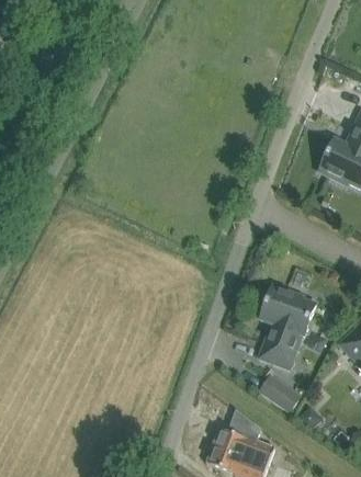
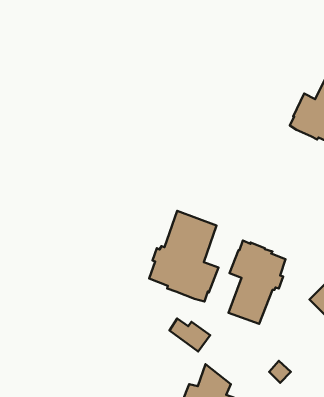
building: none -> [149,211,218,301]
building: [260,378,301,411] -> [170,319,210,351]

